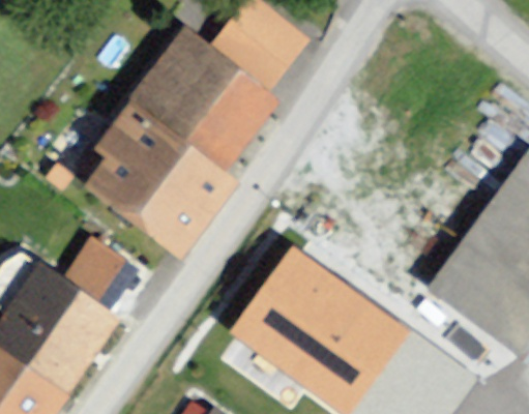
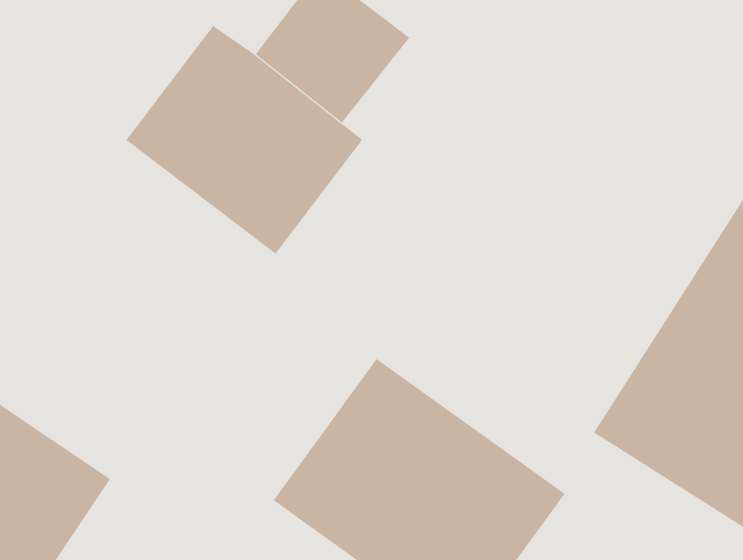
building: [88,102,238,259] -> none

